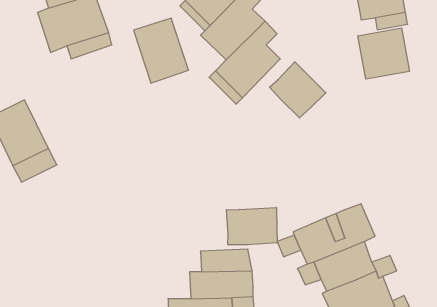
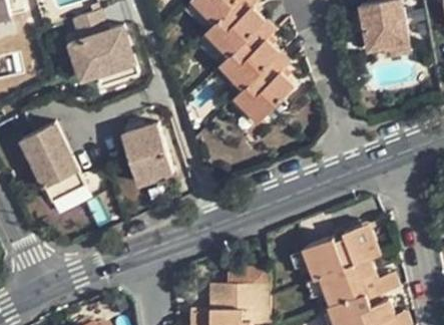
building: [134,18,189,83] -> [120,123,171,184]
building: [358,28,409,79] -> none
building: [270,62,326,118] -> none
building: [226,207,277,245] -> none

